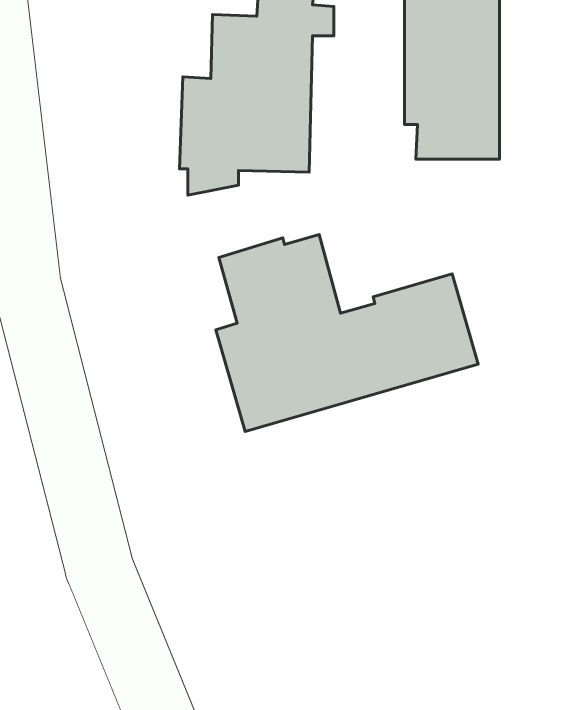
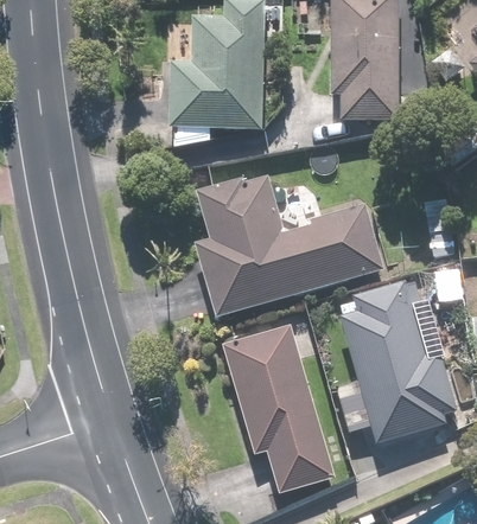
building: none -> [339,281,457,442]
building: none -> [222,324,336,493]

